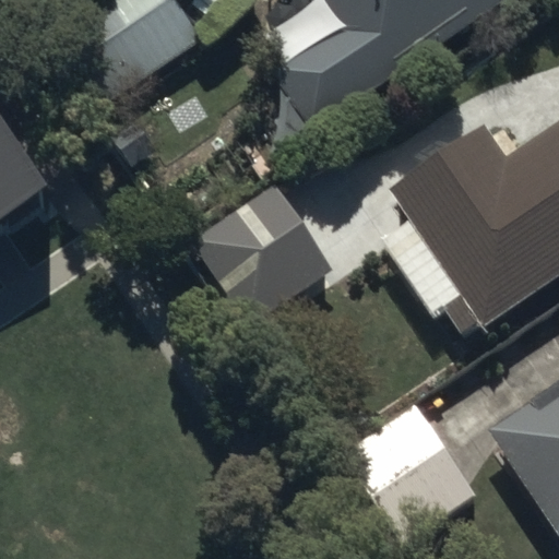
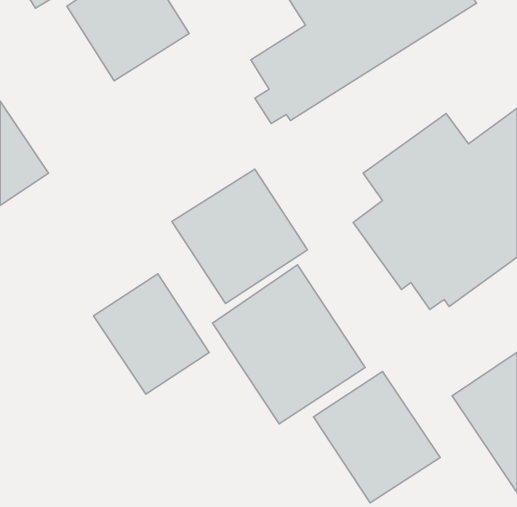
building: none -> [212,265,365,424]
building: none -> [93,274,209,394]

